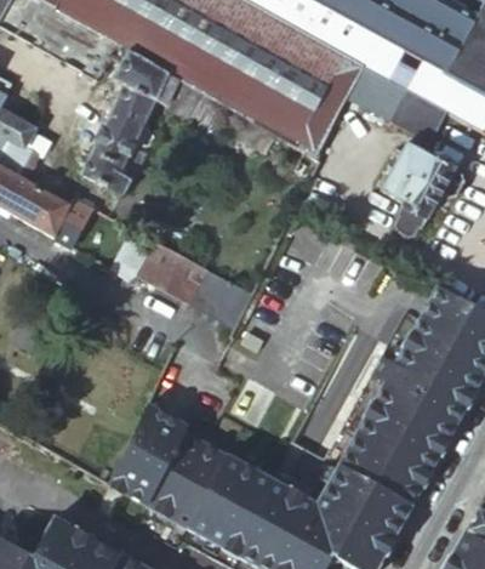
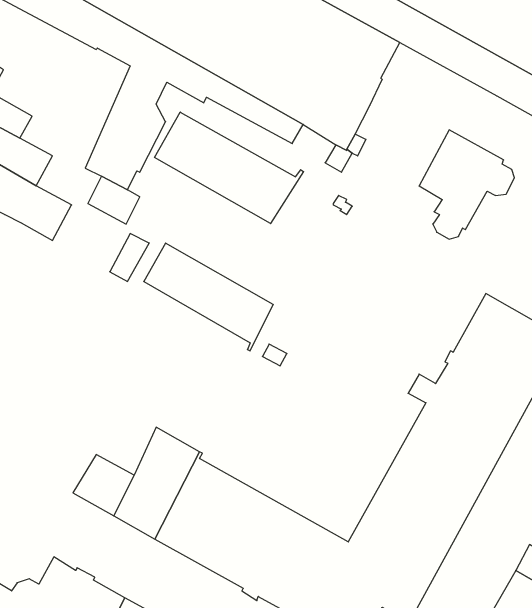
building: [337,62,450,140] -> none
building: none -> [155,112,304,224]

